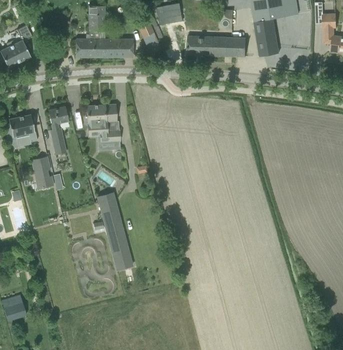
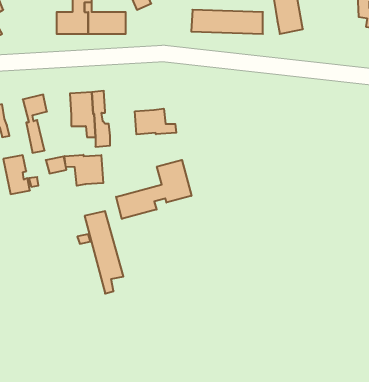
building: none -> [135,109,176,134]
building: none -> [65,155,103,186]
building: none -> [116,160,191,219]

